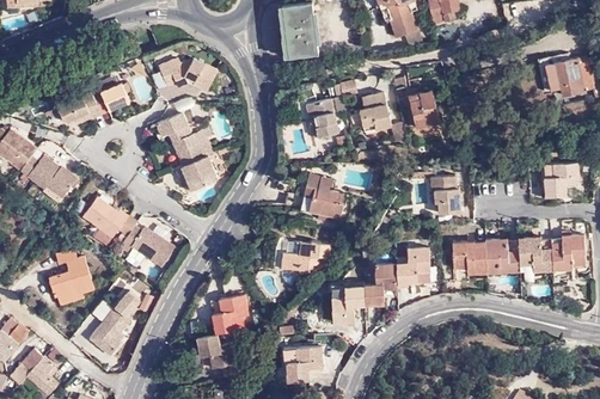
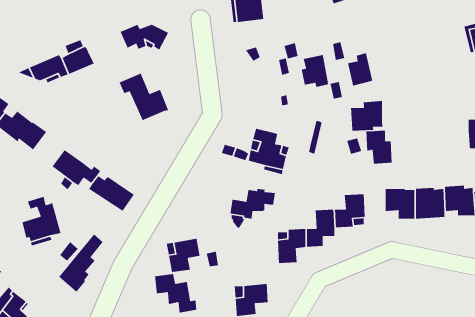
building: [305,98,338,137] -> none
building: none -> [350,100,383,132]
building: [176,155,218,191] -> none

